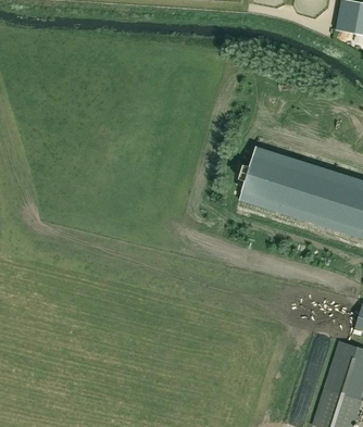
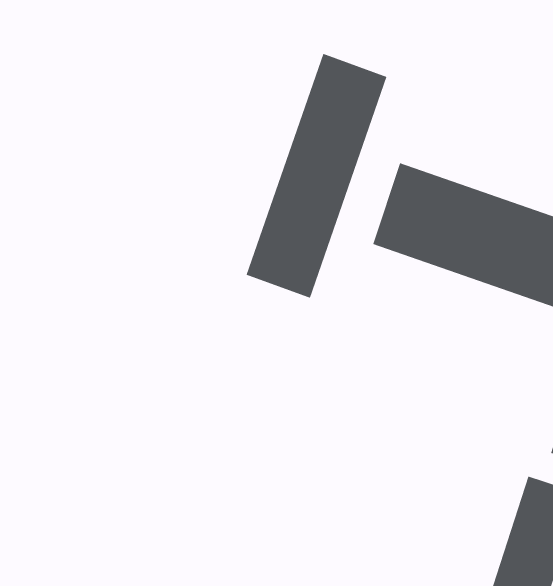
building: none -> [245,53,388,299]

